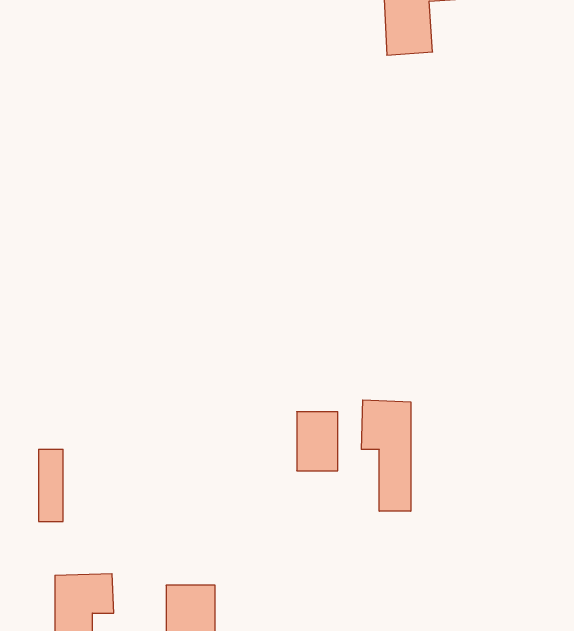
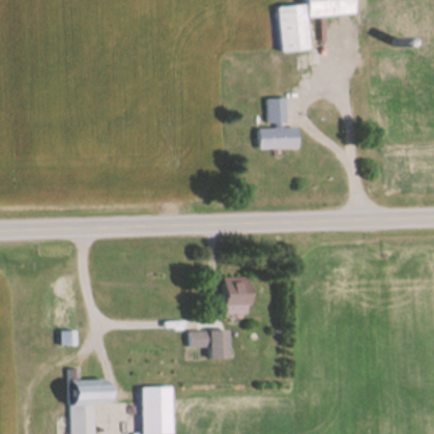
building: none -> [259,97,299,148]
building: [361,400,411,511] -> none
building: none -> [190,330,230,358]

